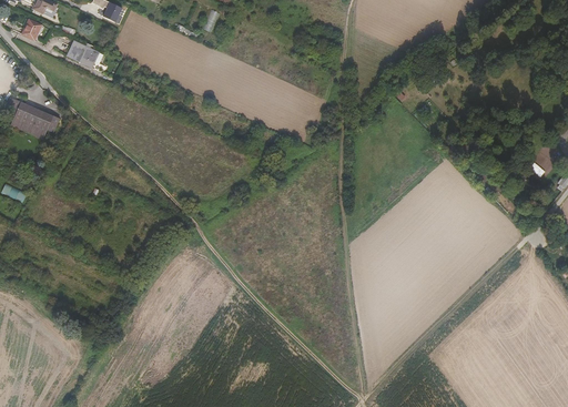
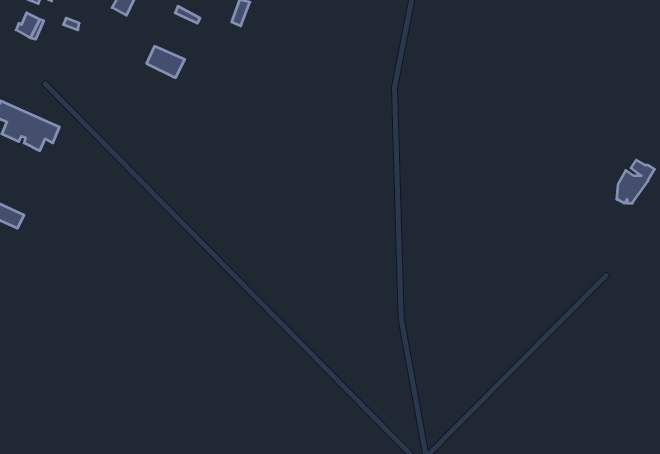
building: [68,41,100,68] -> [147,46,185,78]

